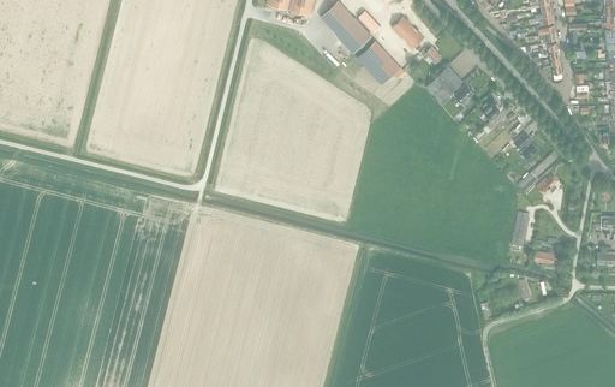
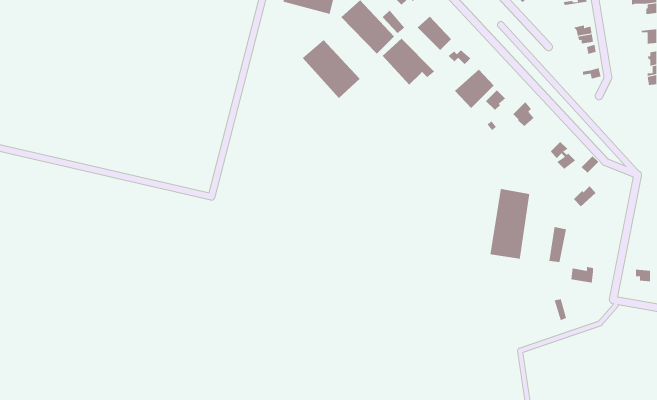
building: none -> [302,39,360,99]
building: none -> [490,188,530,259]

